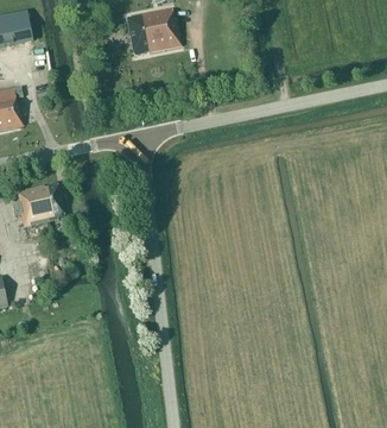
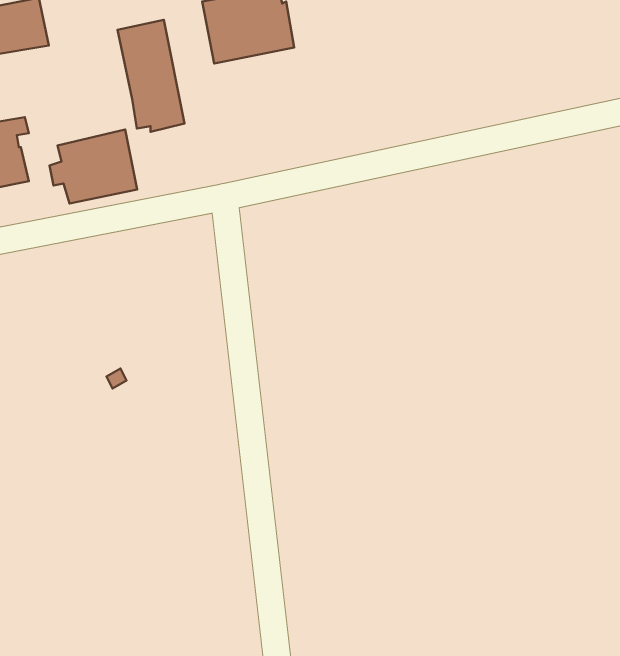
building: none -> [118,20,185,132]
building: [11,182,63,226] -> [49,130,137,203]

